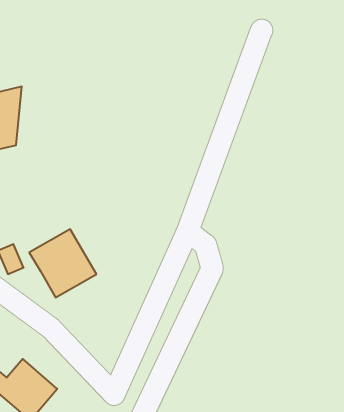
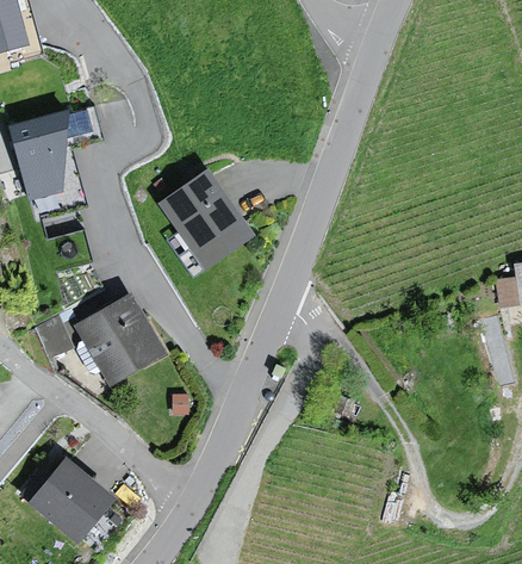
building: none -> [166,176,249,265]

